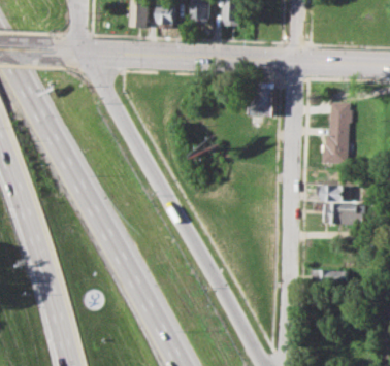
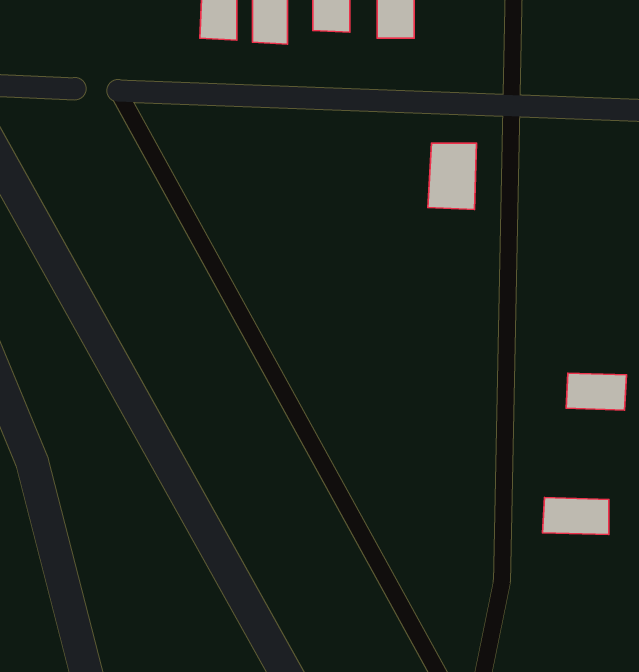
building: [319,101,355,163] -> none
building: [316,186,349,202] -> none

